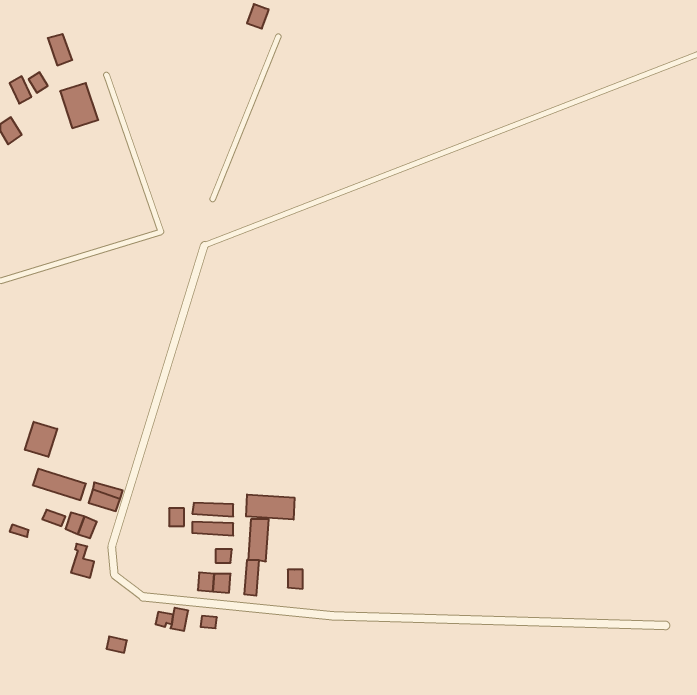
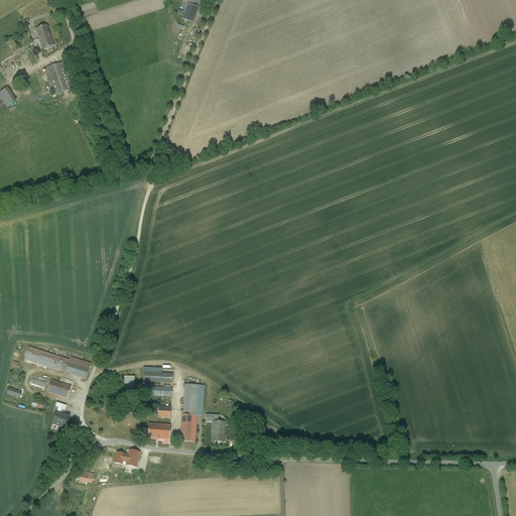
building: [25,422,57,457] -> none
building: [246,494,294,520] -> none

